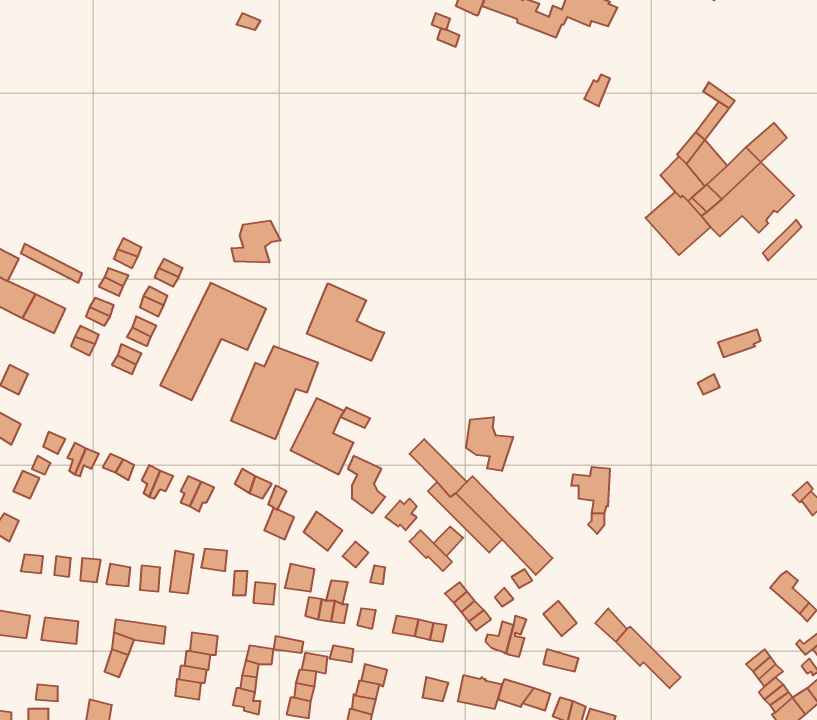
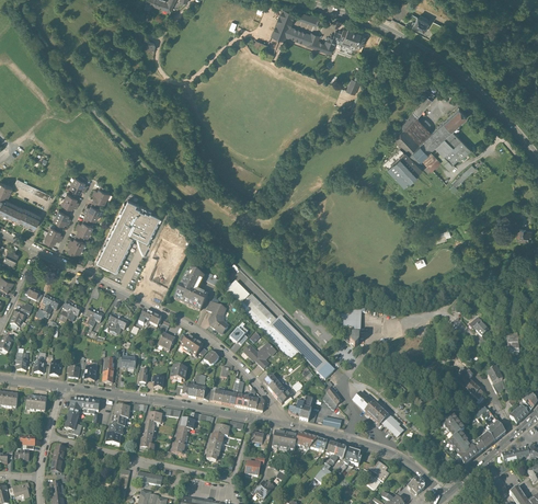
building: [232,221,281,263] -> none
building: [307,283,384,361] -> none
building: [466,417,513,471] -> none

